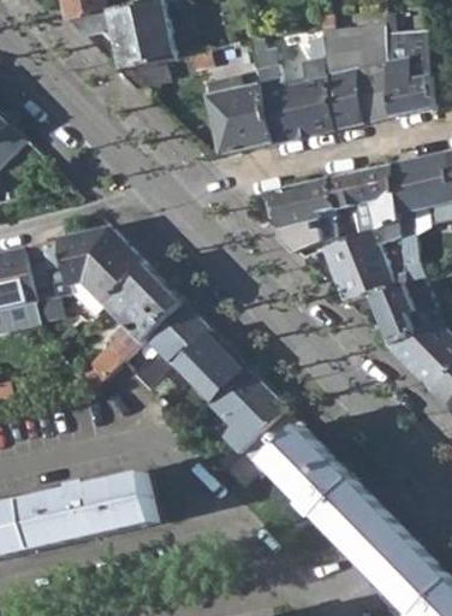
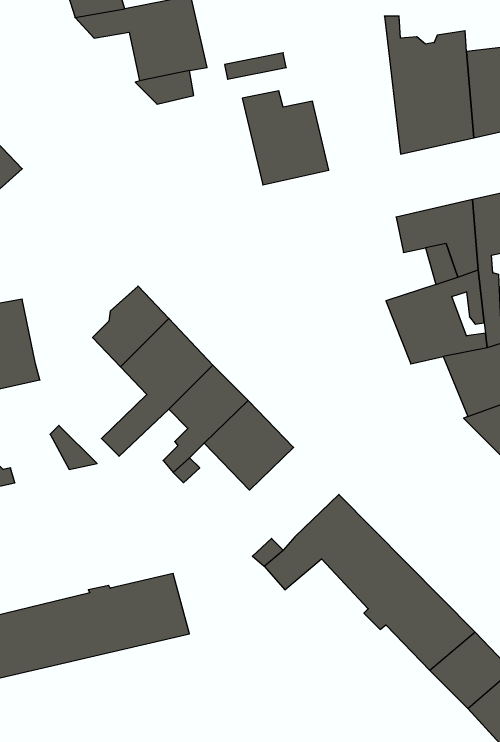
building: [251,40,332,141] -> none
building: [268,179,335,249] -> none
building: [22,227,117,300] -> none
building: [208,368,281,442] -> none

